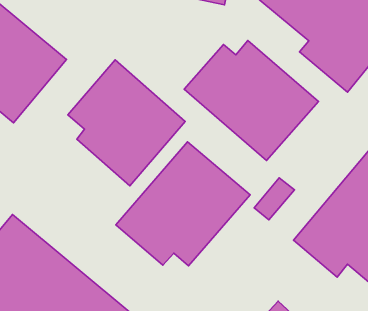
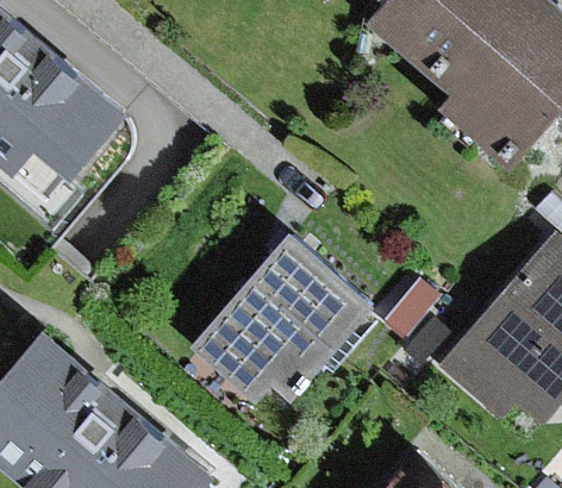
building: [184,41,318,161] -> none
building: [68,60,185,186] -> none

